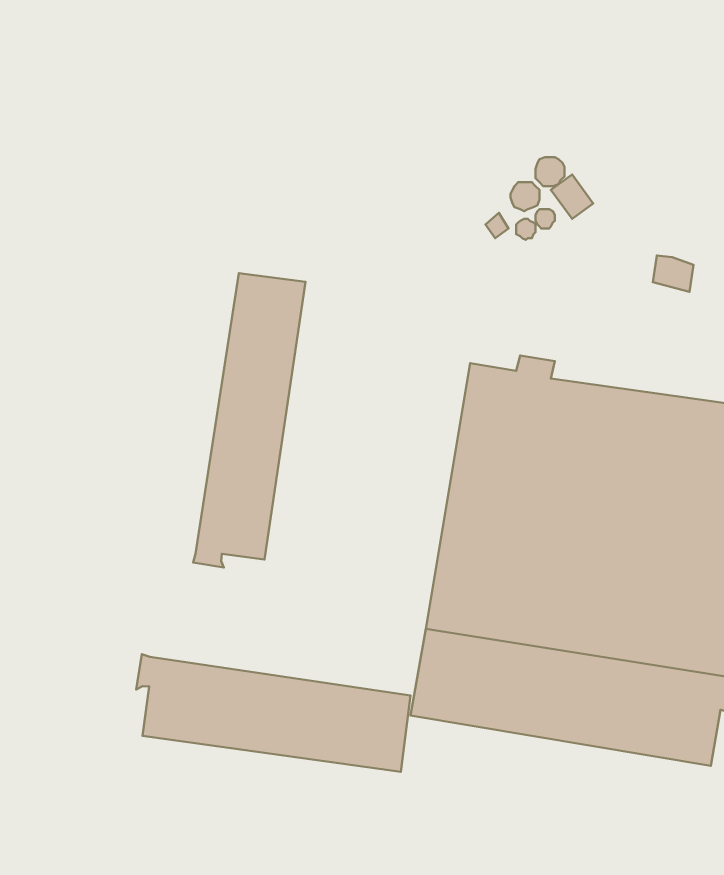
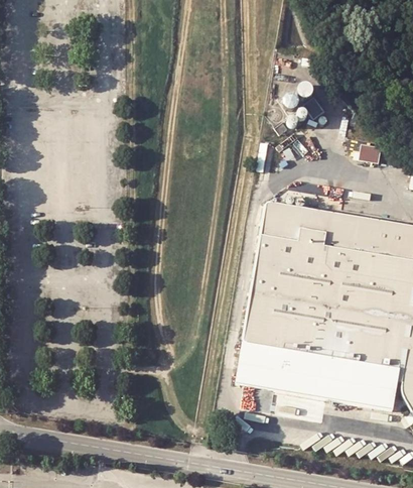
building: [193,273,305,568] -> none
building: [136,654,411,772] -> none

